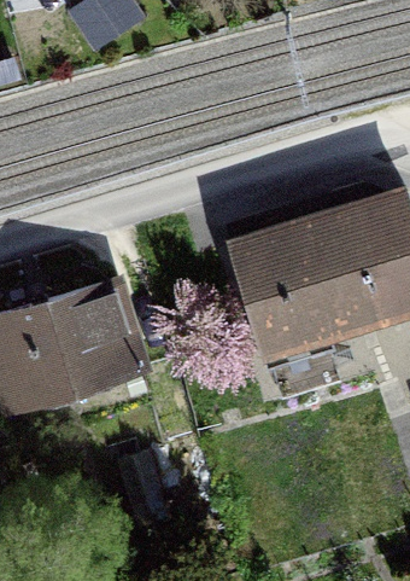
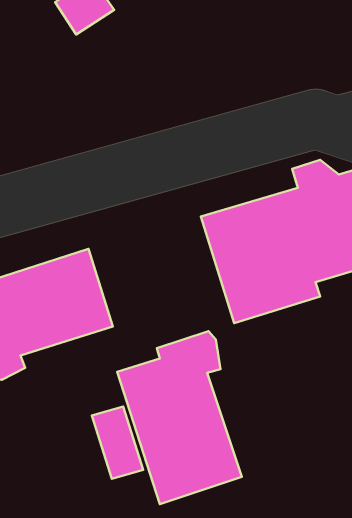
building: none -> [117,331,242,504]

